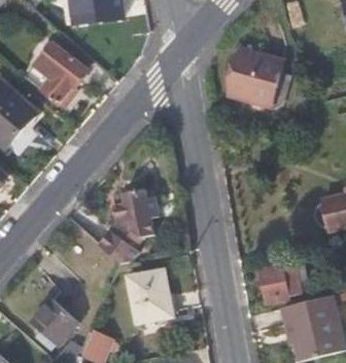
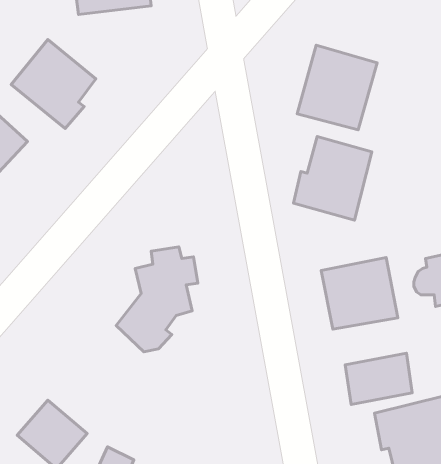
building: none -> [294,137,372,220]
building: none -> [321,258,398,329]
building: [127,268,173,323] -> none

